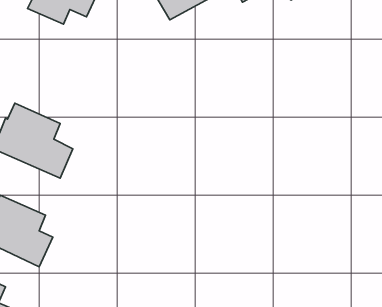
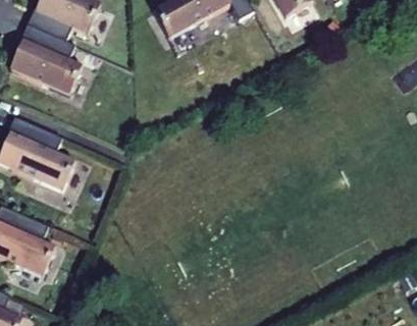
building: none -> [9,24,81,93]

